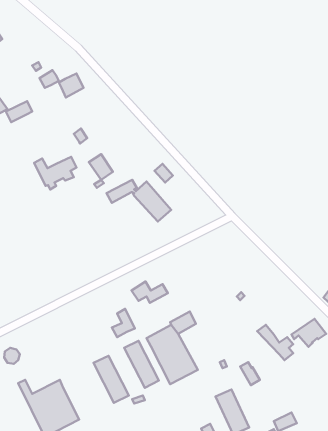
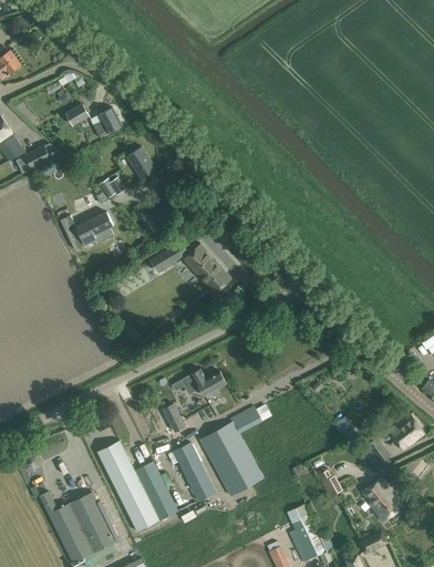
building: [89,154,113,180] -> [125,147,155,179]
building: none -> [96,441,158,532]
building: none -> [361,478,402,522]

